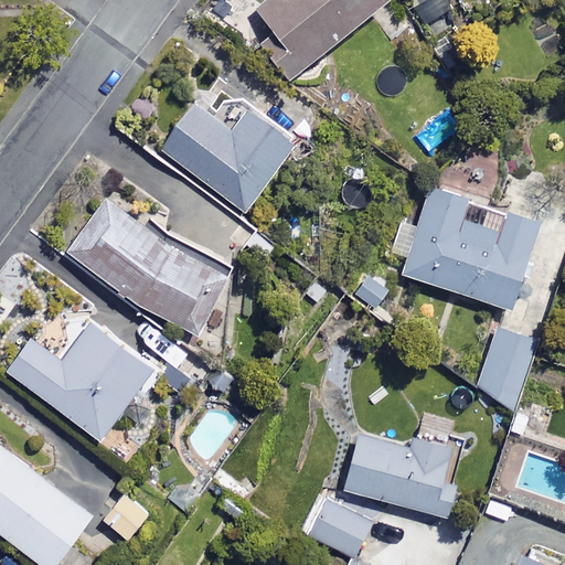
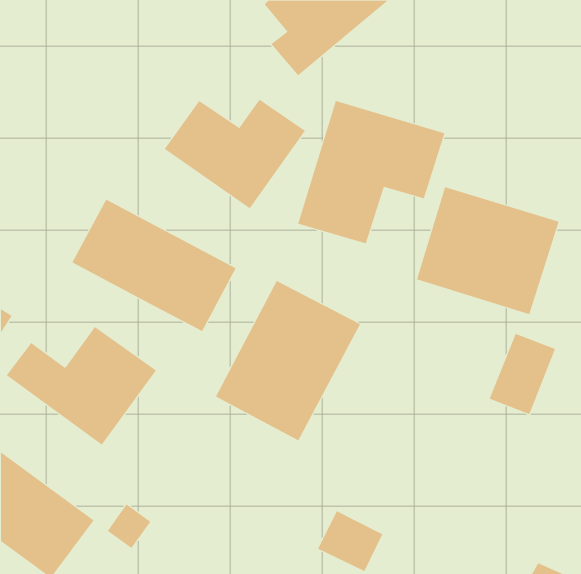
building: none -> [297,100,445,244]
building: none -> [215,280,361,441]
building: [344,436,460,516] -> none

